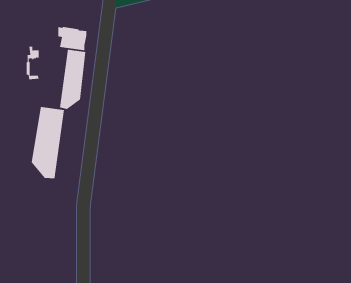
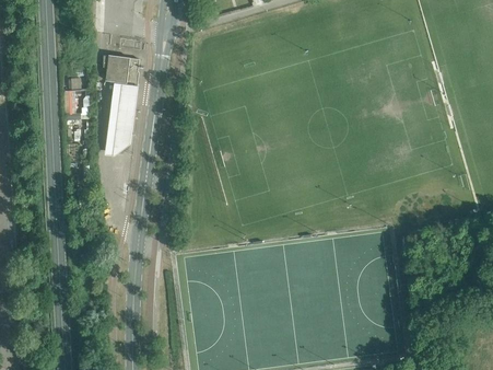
building: [31,106,65,179] -> none

